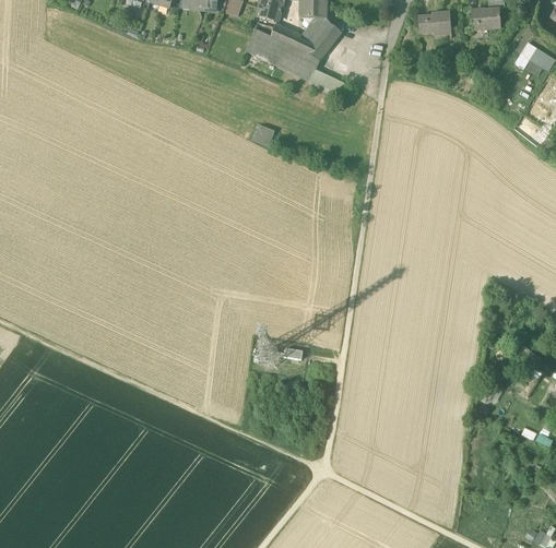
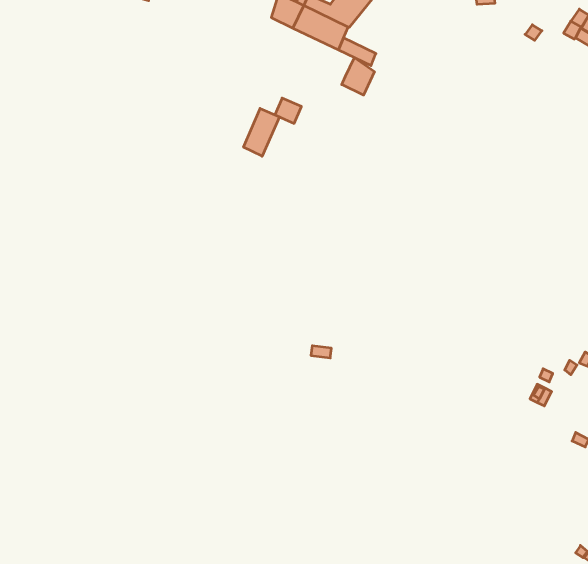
building: none -> [342,58,374,95]
building: none -> [244,108,279,156]

